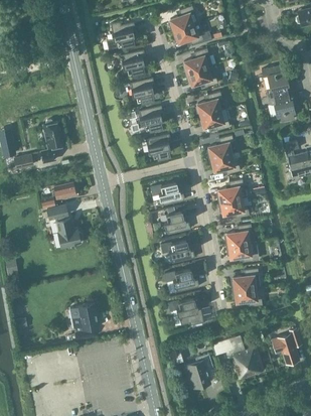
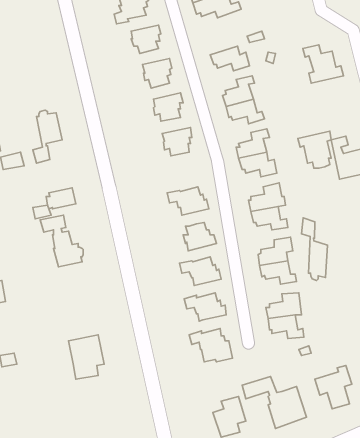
building: [183,48,212,75] -> none
building: [268,92,295,122] -> [298,131,331,168]
building: none -> [302,218,327,280]

